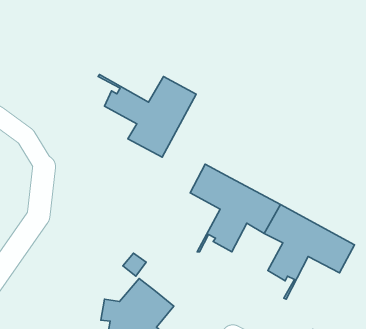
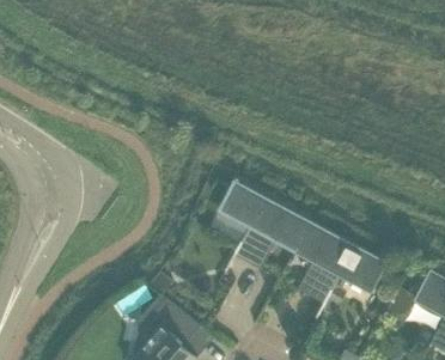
building: [98,75,196,157] -> none

